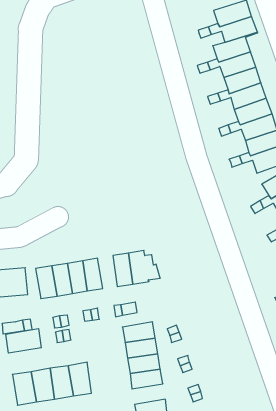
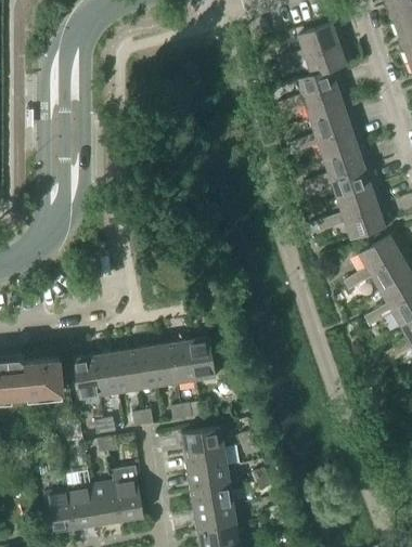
building: none -> [151,346,176,387]
building: [6,329,41,353] -> none
building: none -> [194,507,236,533]

